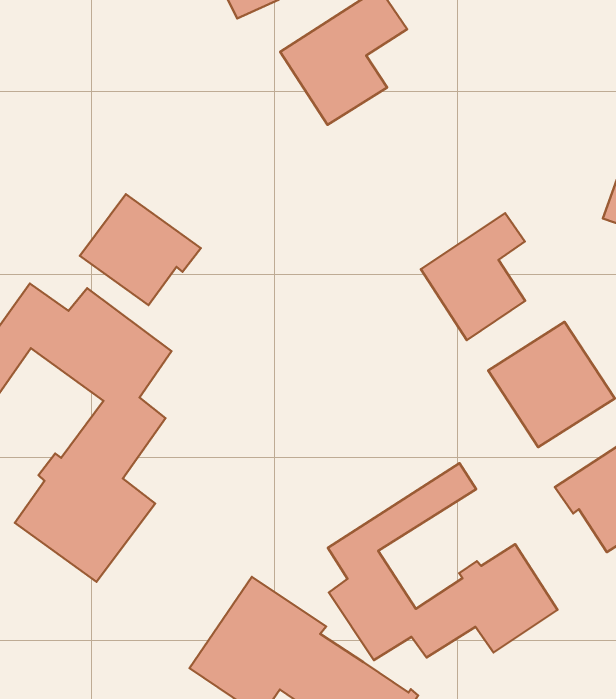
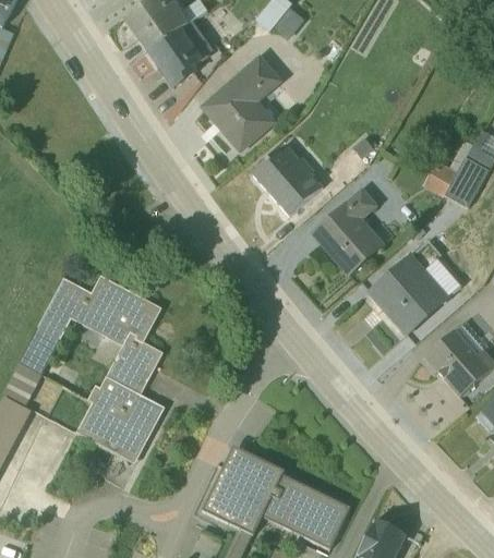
building: none -> [250,142,330,223]
building: [80,194,201,305] -> none
building: [328,463,557,660] -> none

